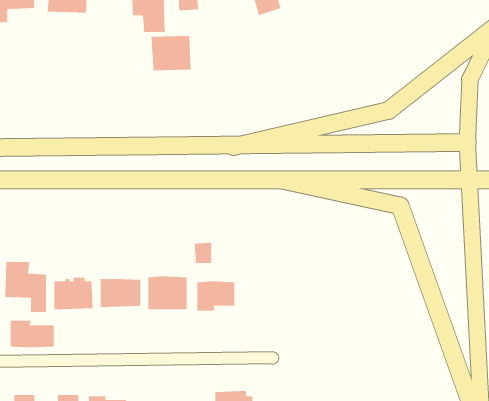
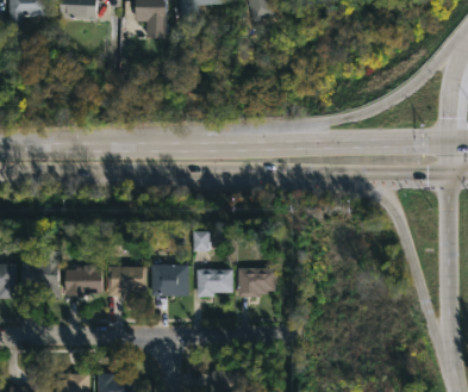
building: [150,35,191,71] -> none
building: none -> [238,268,275,297]
building: [10,320,54,348] -> none

